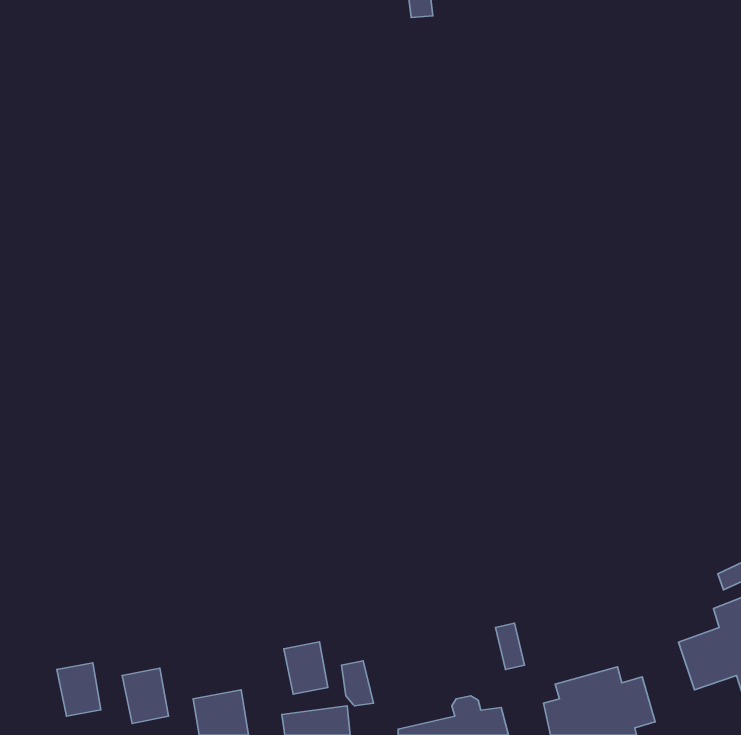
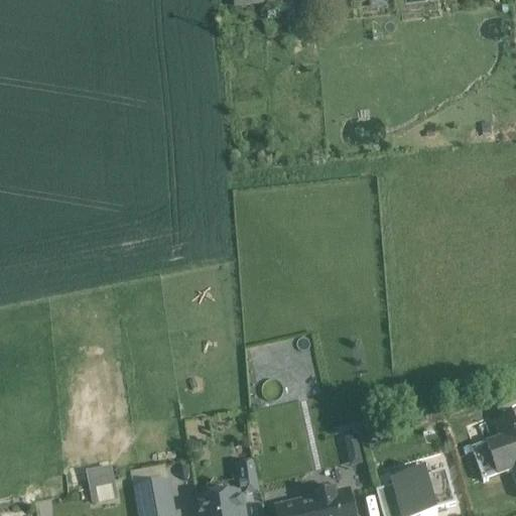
building: [284,642,328,694] -> none
building: [57,663,101,716] -> none

